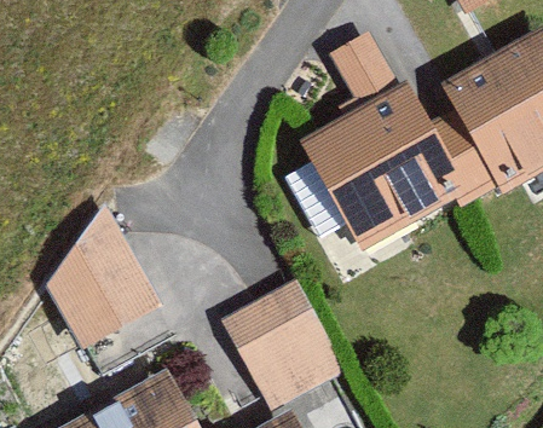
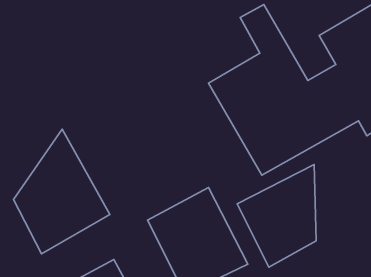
building: none -> [237,164,316,267]

